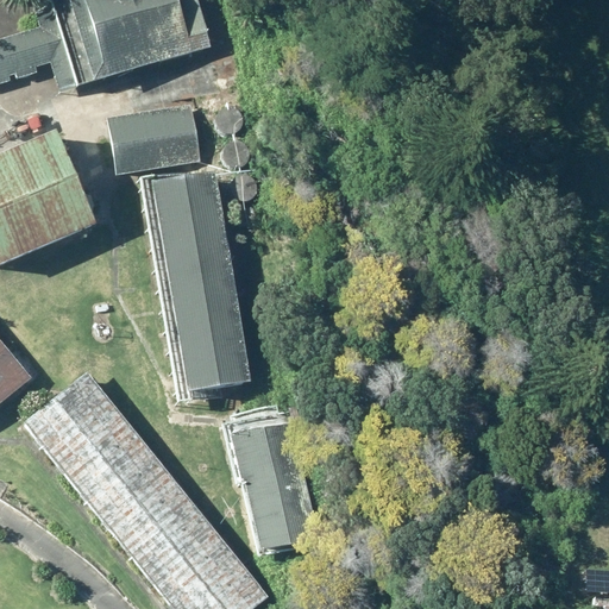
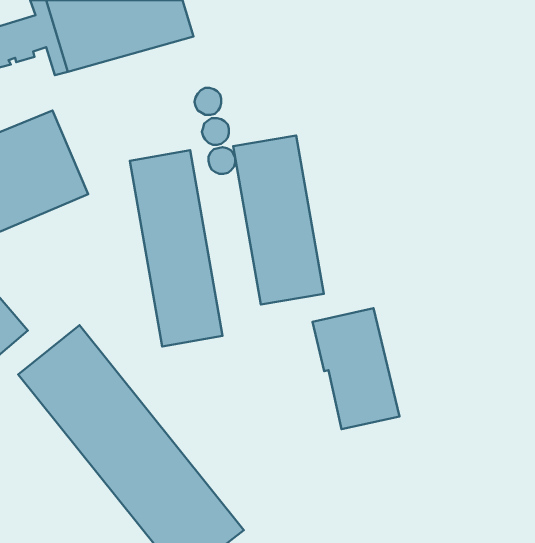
building: [108,103,203,171] -> none
building: none -> [233,135,324,305]
building: [222,414,319,548] -> [312,308,399,429]

